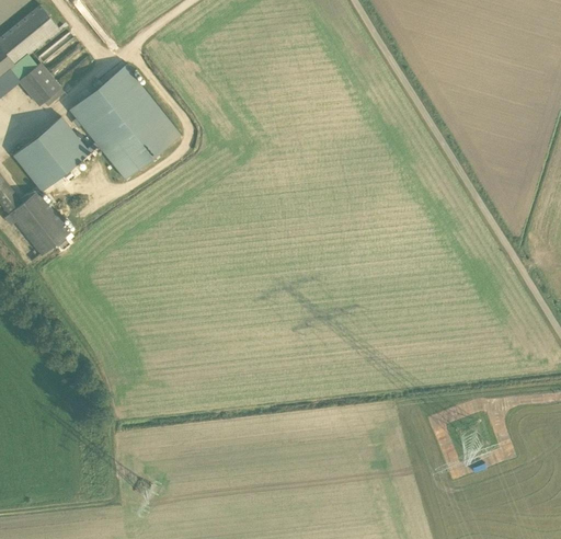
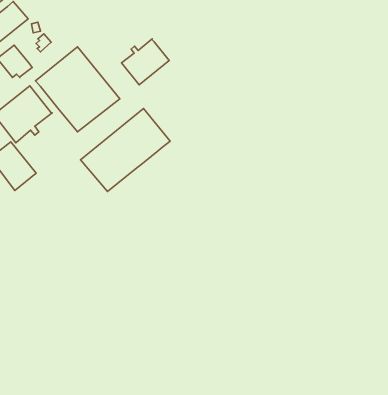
building: none -> [121,39,169,85]
building: none -> [80,109,170,191]

